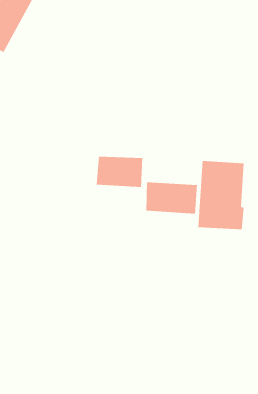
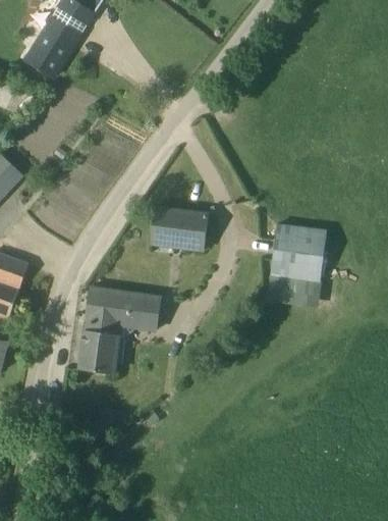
building: [146,182,198,215] -> none
building: none -> [77,288,161,373]

